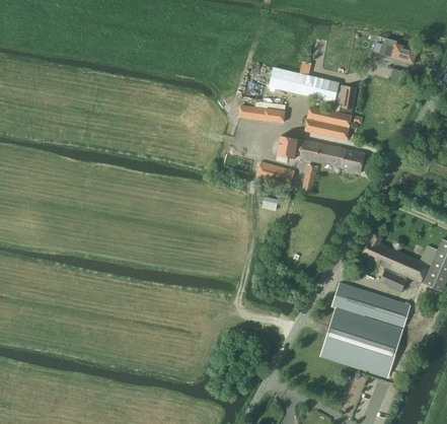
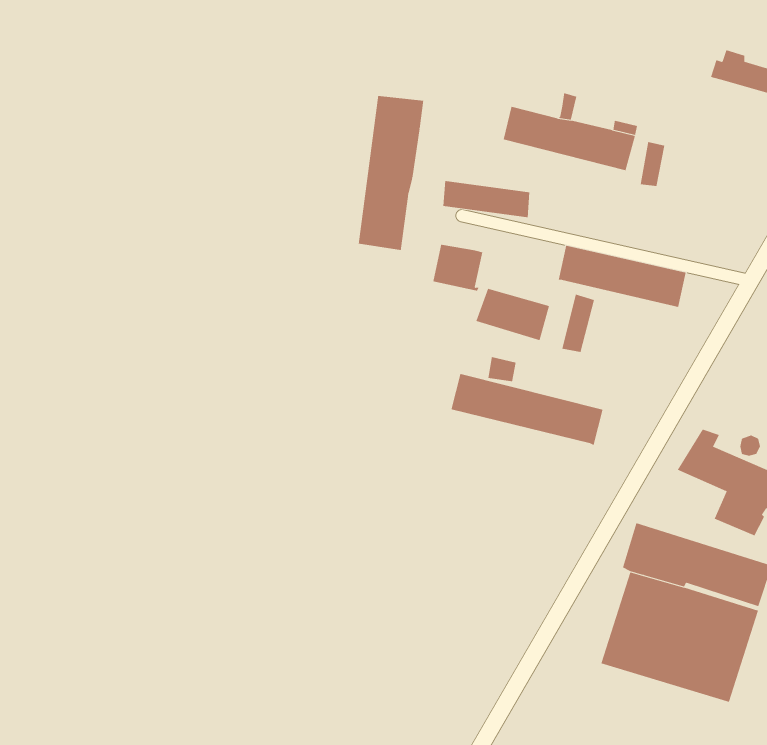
building: none -> [358,95,424,251]
building: [305,105,351,139] -> none
building: [276,135,302,159] -> [433,244,483,291]
building: none -> [451,373,603,446]

